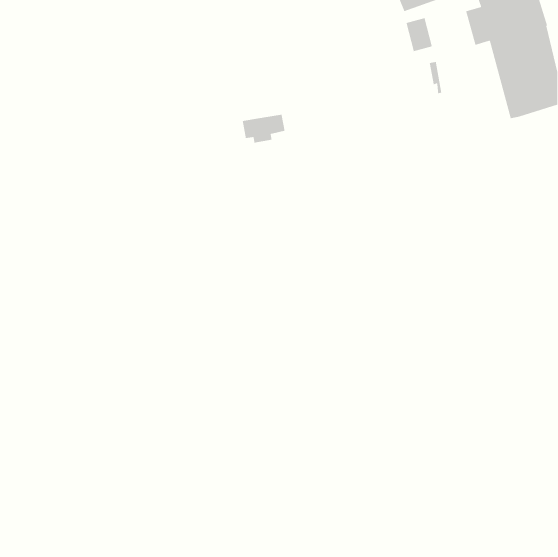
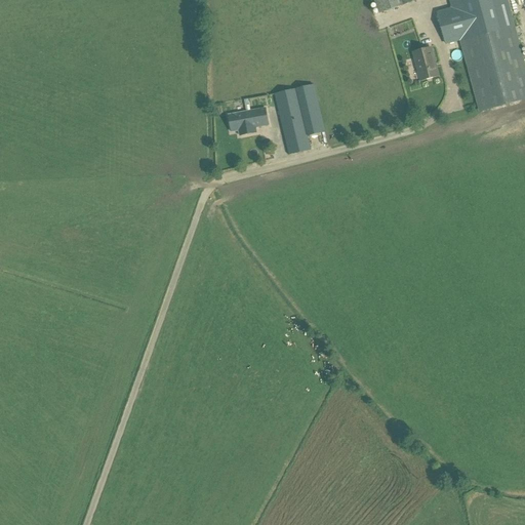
building: [405,17,433,52] -> [412,46,438,79]
building: none -> [273,83,324,154]

